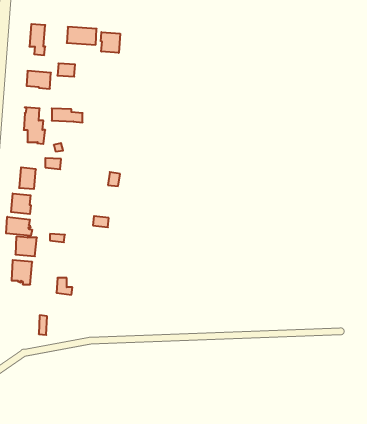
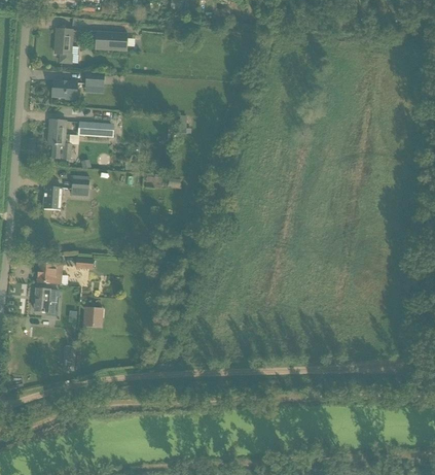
building: [101,32,120,53] -> none
building: [11,193,31,214] -> none
building: [6,217,32,236] -> none

